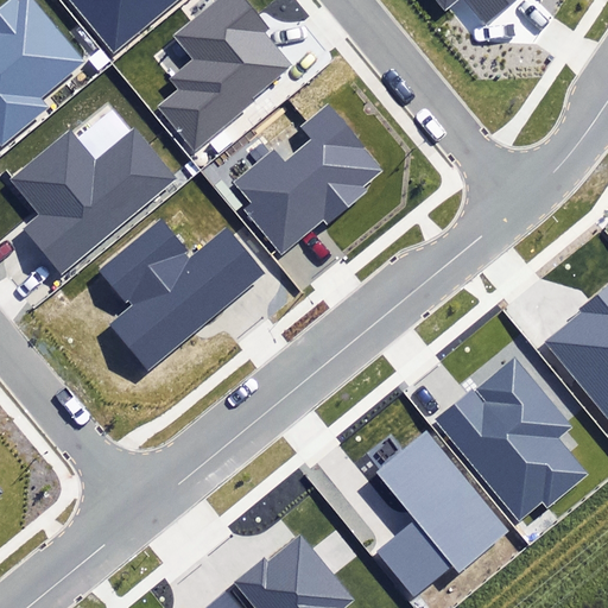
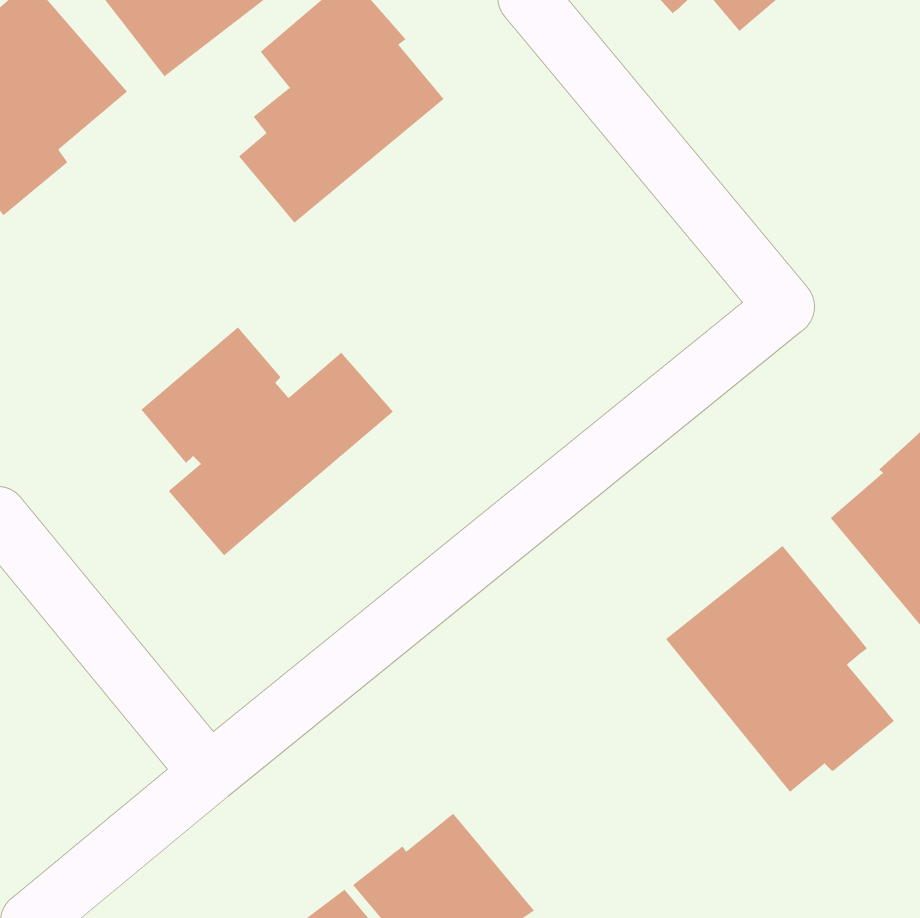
building: [233,103,382,254] -> none
building: [12,126,180,276] -> none
building: [374,428,513,594] -> none

